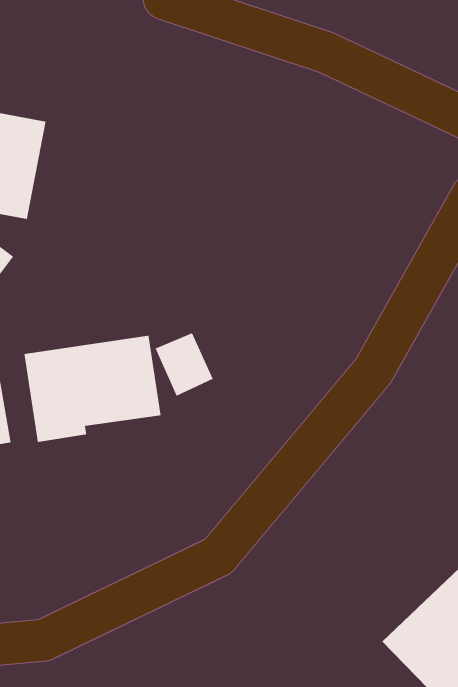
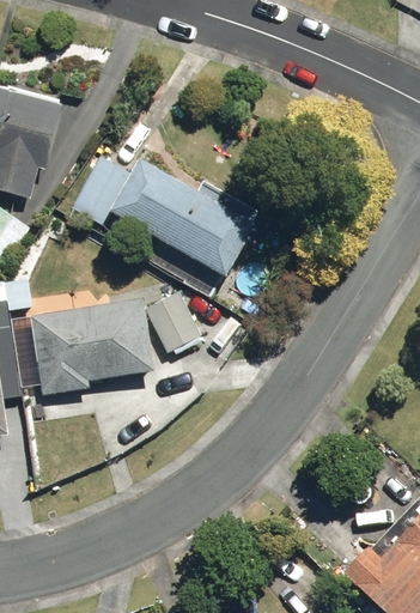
building: none -> [72,157,246,274]

